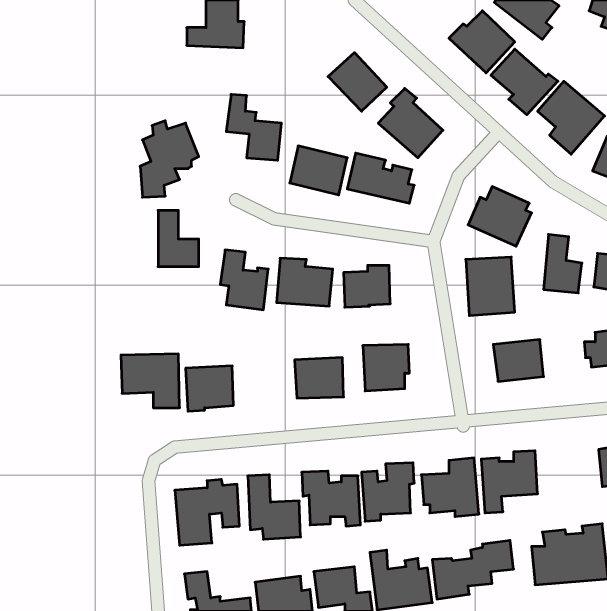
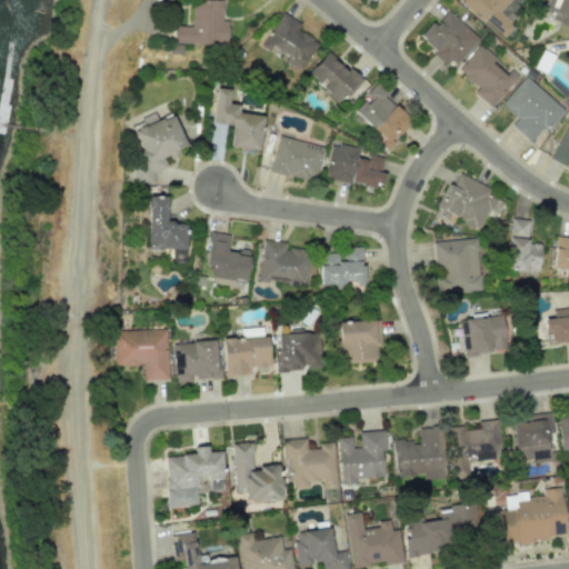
building: none -> [264,11,321,71]
building: none -> [224,326,272,376]
building: none -> [516,412,556,463]

